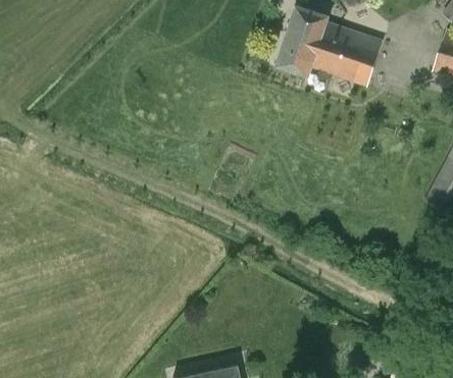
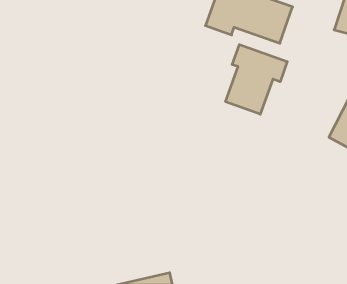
building: none -> [226,45,287,114]

